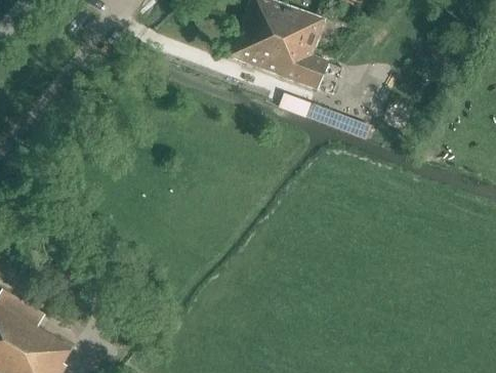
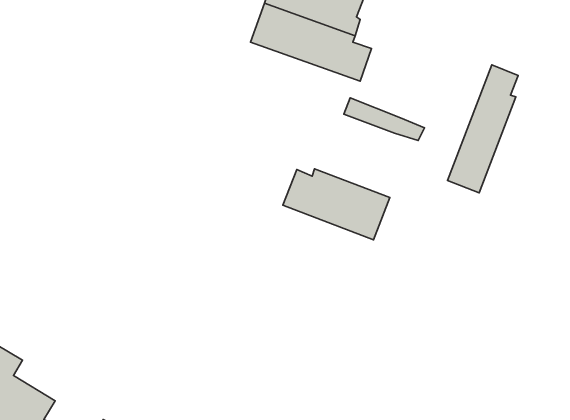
building: none -> [447,65,518,193]
building: none -> [283,169,390,240]

